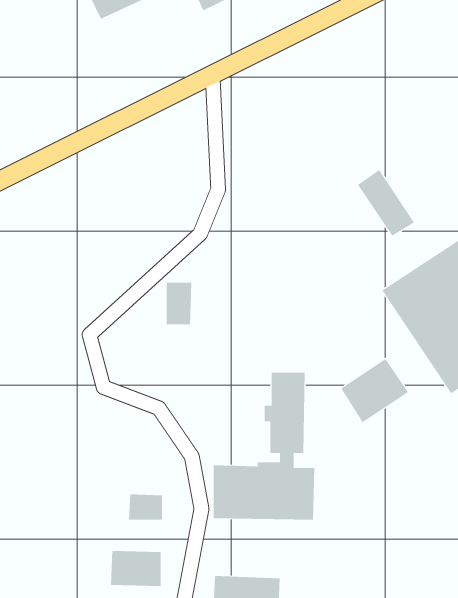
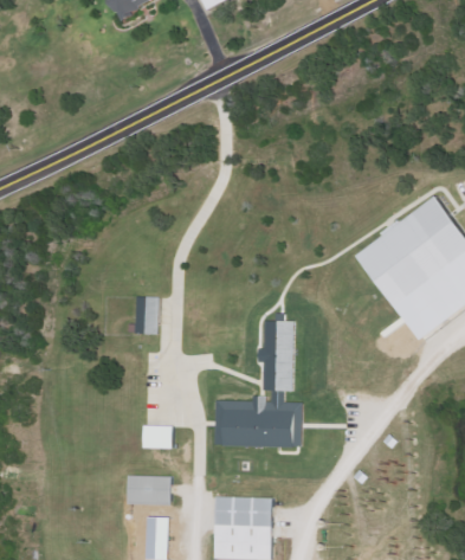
building: [357,169,415,237] -> none
building: [166,282,192,325] -> [135,297,157,334]
building: [341,358,409,423] -> none

